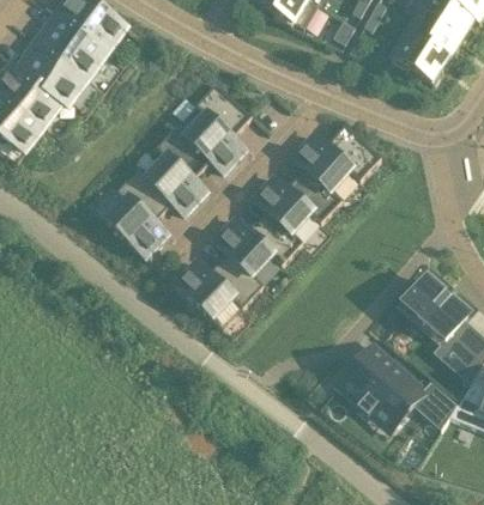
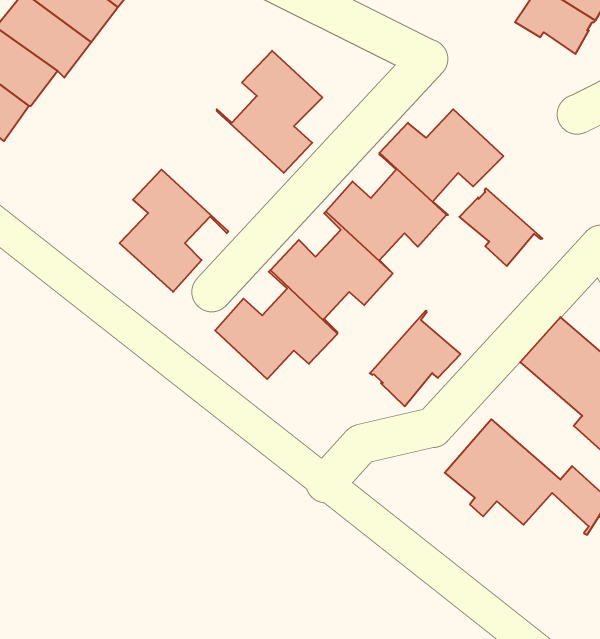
building: [137,126,224,212] -> none
building: none -> [459,188,542,266]
building: none -> [370,311,460,406]

